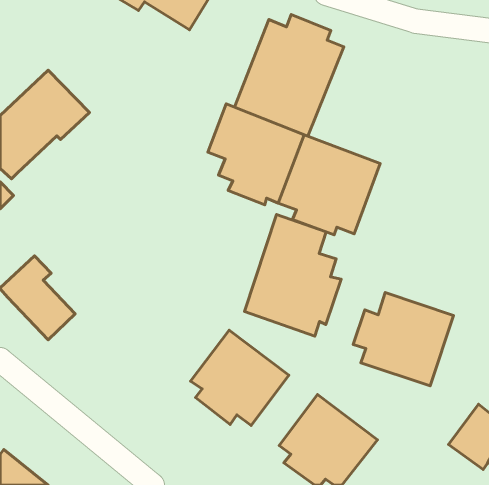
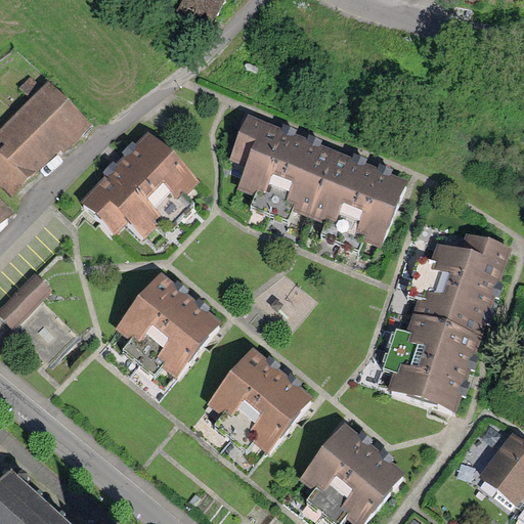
building: [234,14,344,136] -> none
building: none -> [80,135,193,241]
building: [244,215,341,336] -> none
building: none -> [408,233,514,336]
building: none -> [112,275,216,377]

